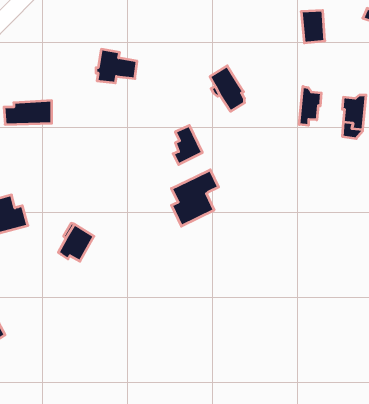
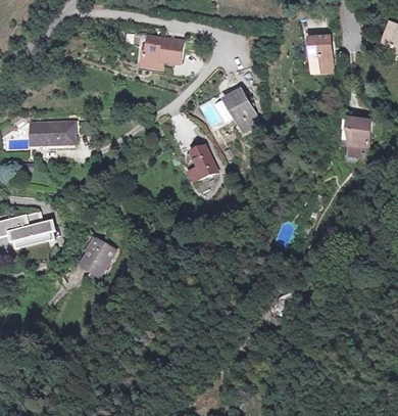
building: [96,49,137,83] -> [143,35,182,66]
building: [299,86,321,125] -> none
building: [171,170,219,226] -> none

